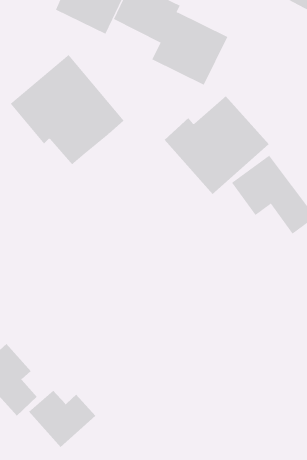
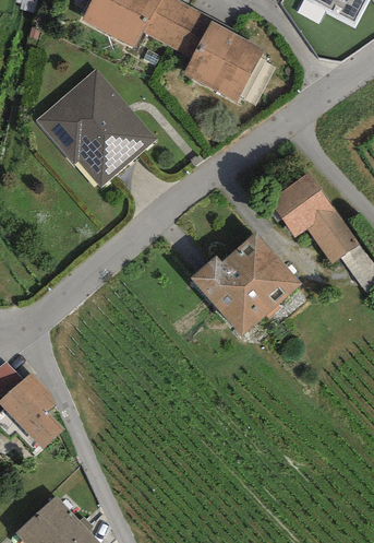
building: [164,95,269,195] -> [190,234,301,339]
building: [28,390,96,448] -> none

